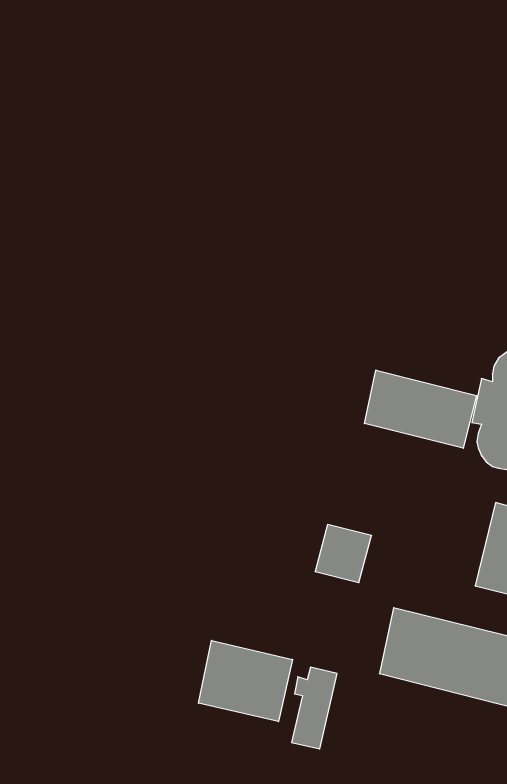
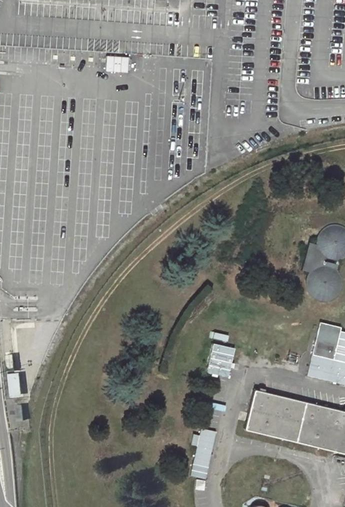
building: [364,370,476,448] -> none
building: [199,640,293,722] -> none

